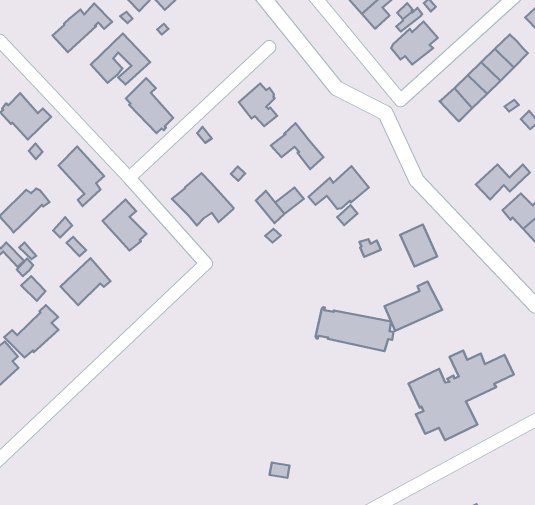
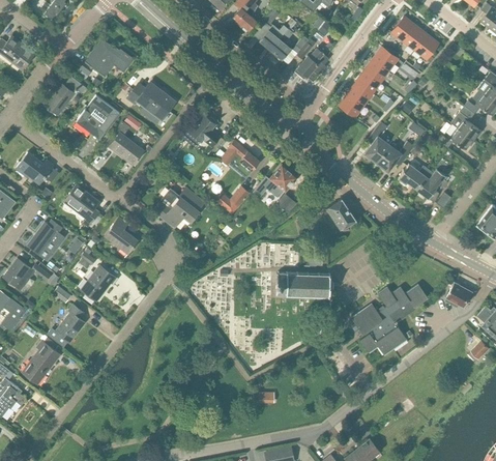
building: none -> [127,83,175,120]
building: none -> [363,122,388,163]
building: [384,281,442,331] -> none

